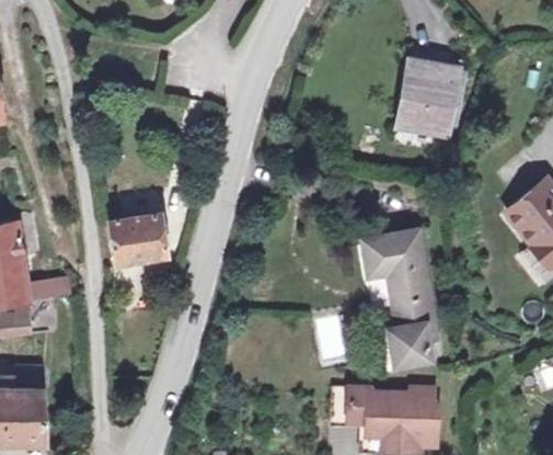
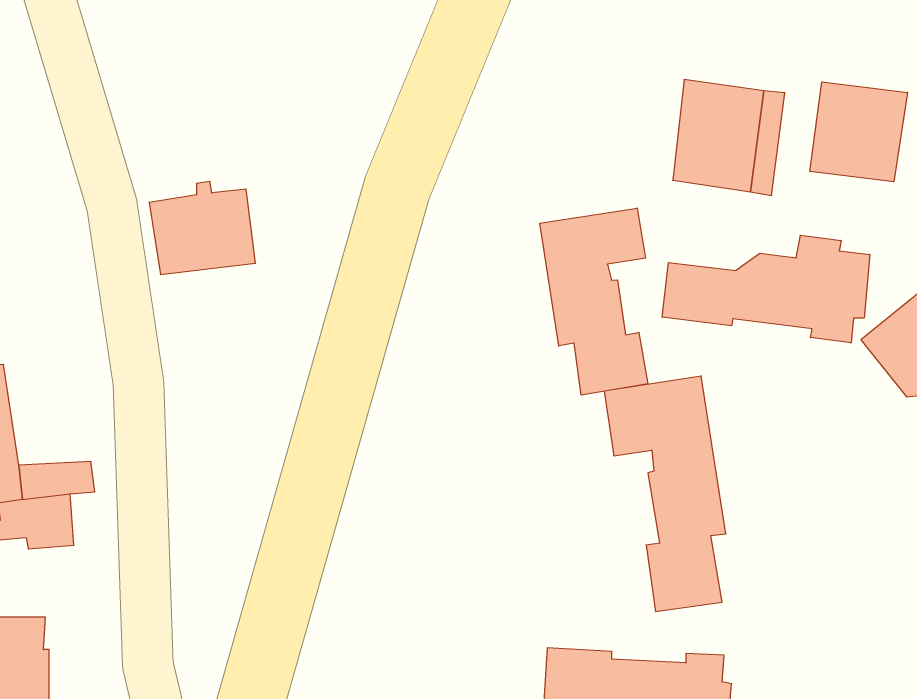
building: none -> [810,82,908,182]
building: none -> [540,208,648,395]
building: none -> [662,235,870,343]
building: [111,211,172,264] -> [149,181,256,275]

